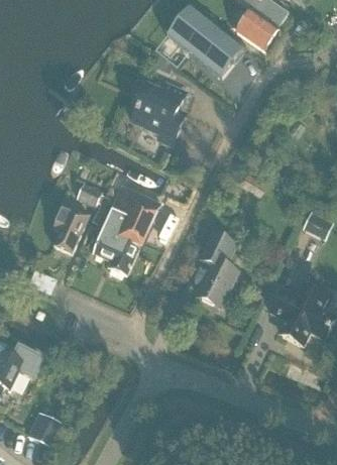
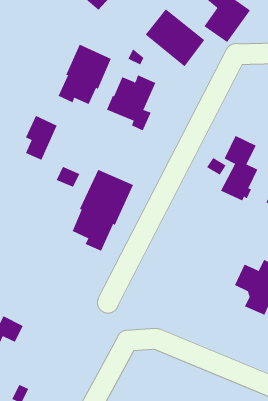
building: none -> [58,44,112,105]
building: [53,203,89,252] -> [25,115,58,161]
building: [196,232,237,304] -> [220,135,258,201]

